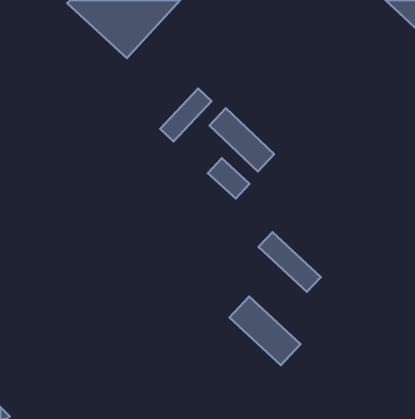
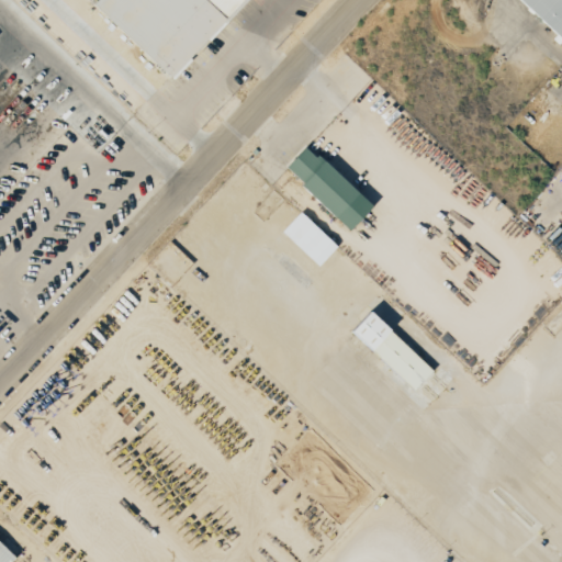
building: [160,89,212,141] -> none
building: [230,296,300,365] -> none

